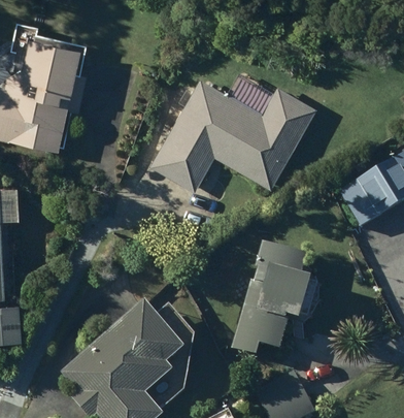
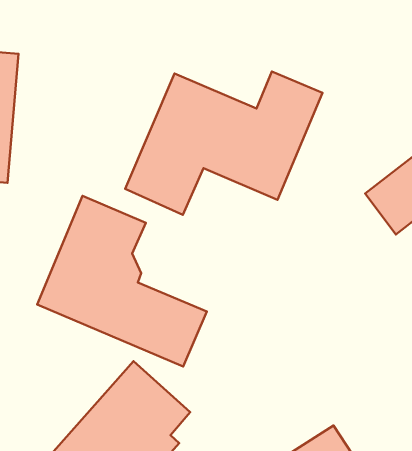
building: none -> [37,196,207,367]
building: [233,243,308,356] -> none

